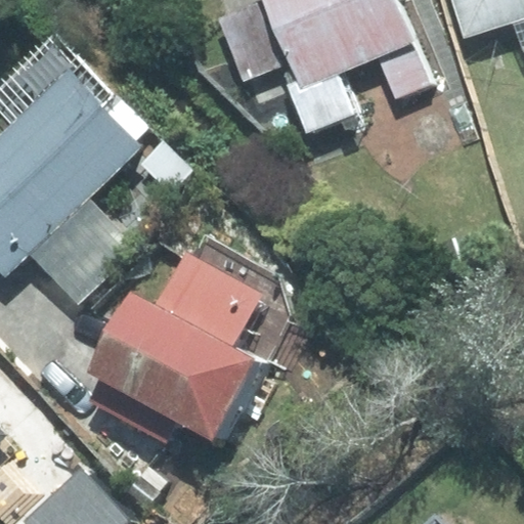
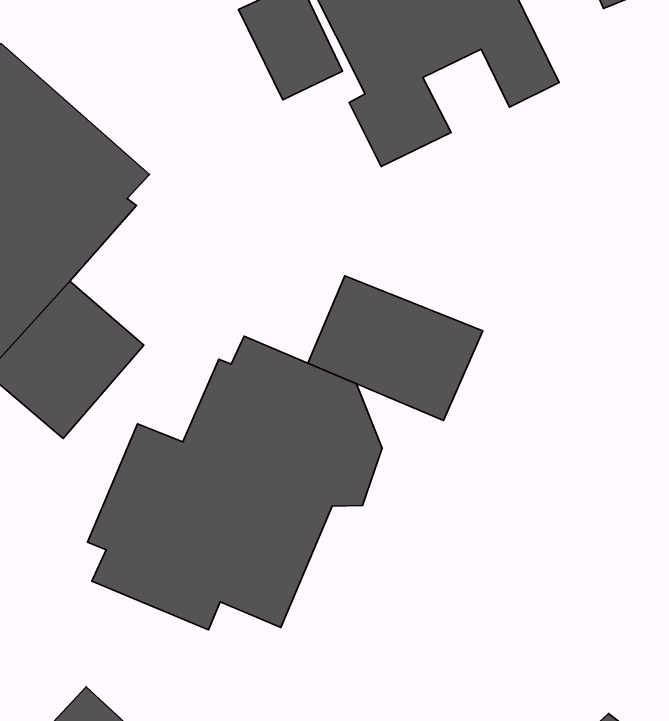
building: none -> [308,276,483,420]

